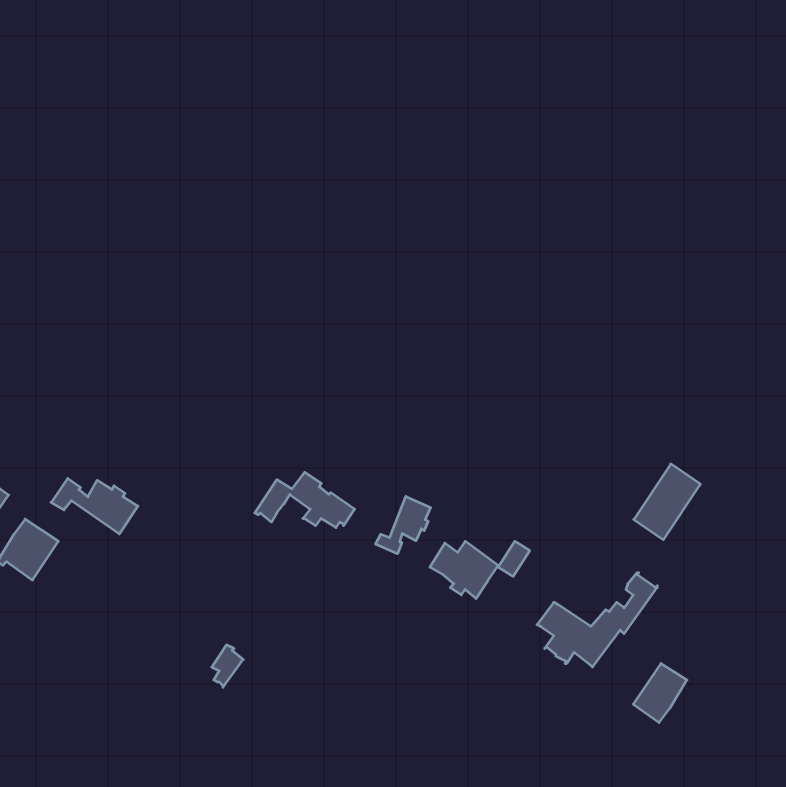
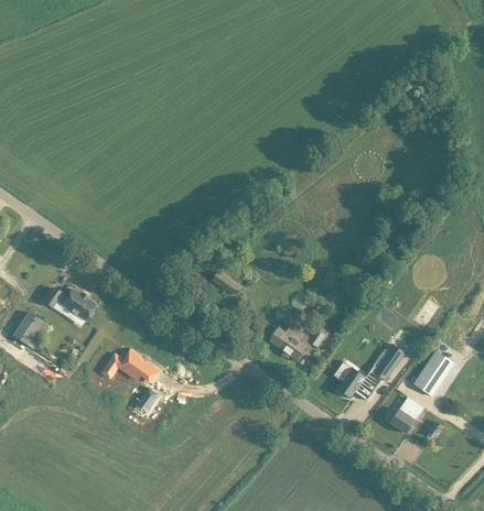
building: [634,464,700,540] -> [415,350,454,395]
building: [255,472,355,528] -> [101,348,161,381]
building: [376,496,431,554] -> none

